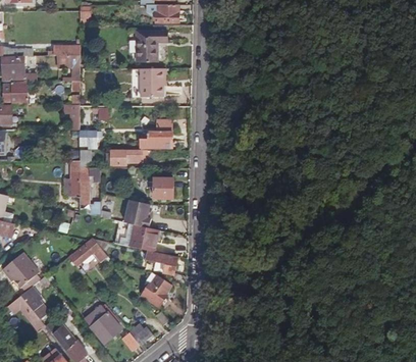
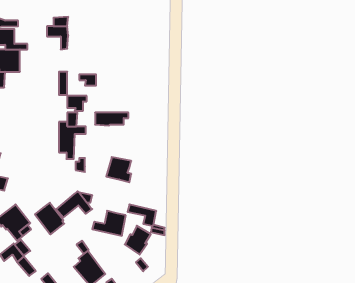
building: [137,32,166,61] -> none
building: [140,66,164,94] -> none
building: [141,131,172,147] -> none
building: [154,178,174,199] -> none
building: [120,224,157,252] -> [92,211,126,236]
building: none -> [35,203,64,234]

